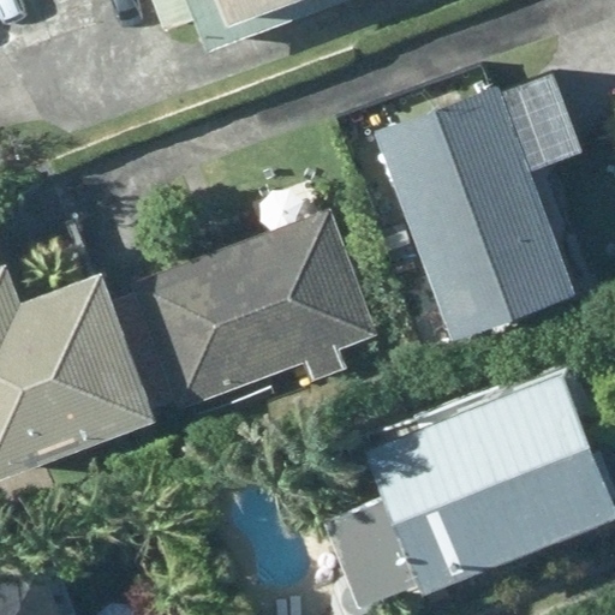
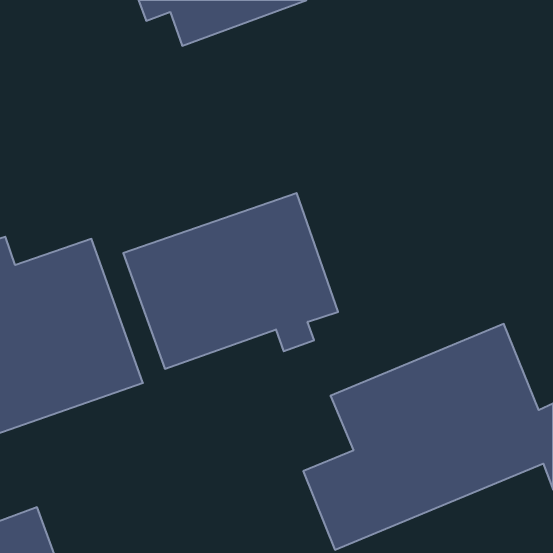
building: [374,80,574,336] -> none

